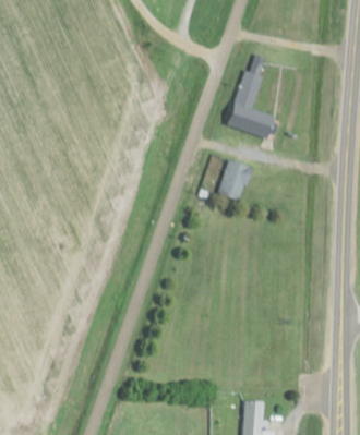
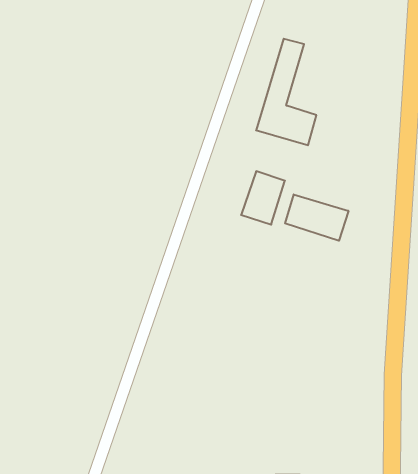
building: none -> [285,194,348,241]

